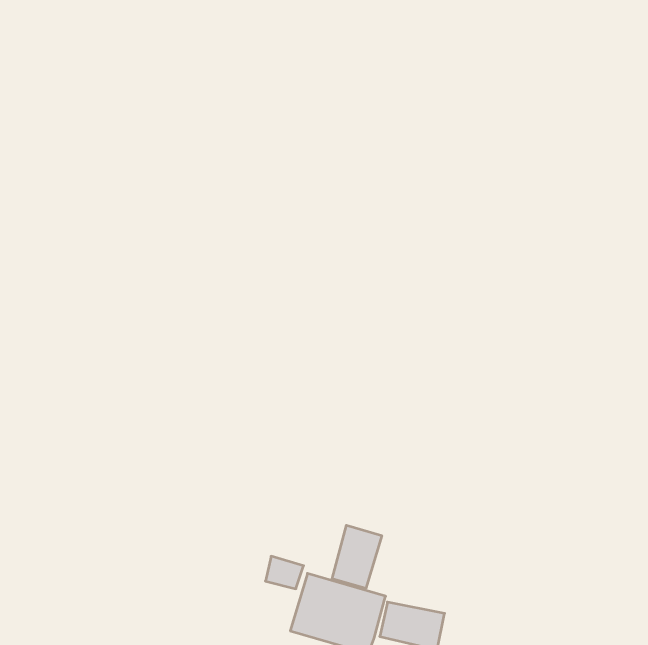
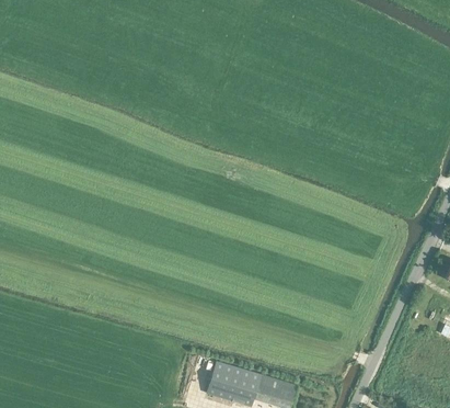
building: [332,525,382,588] -> none

